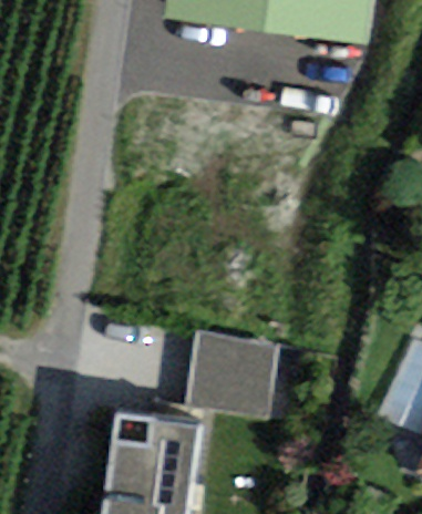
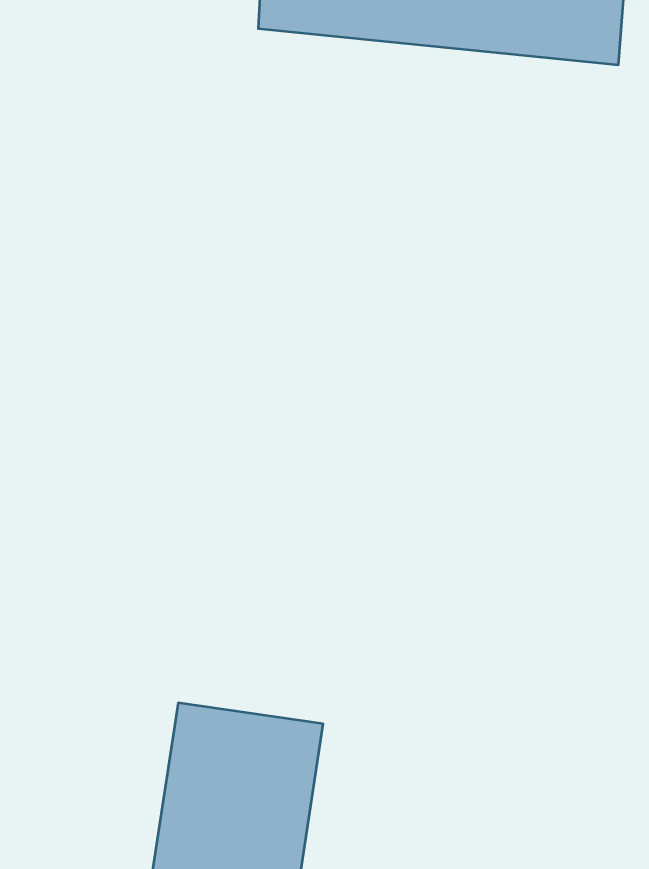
building: [185,331,278,413] -> none

